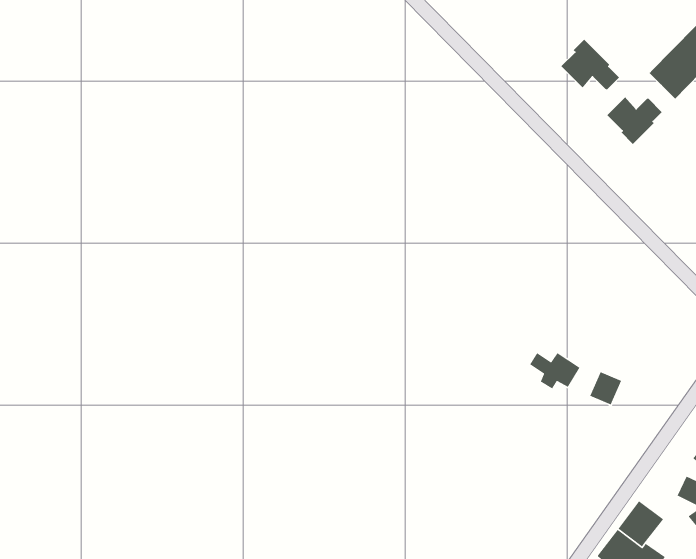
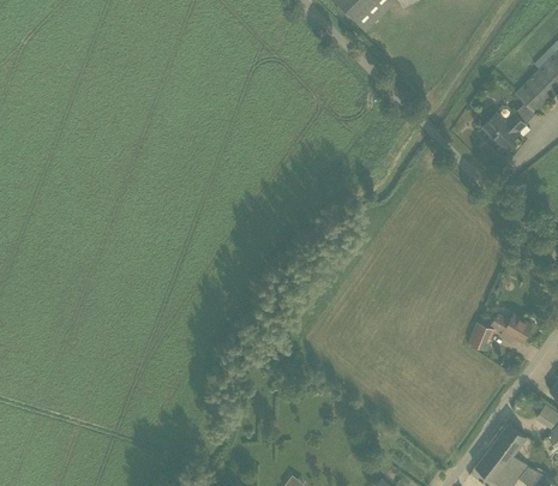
building: [561,39,620,90] -> none
building: [529,352,581,390] -> [492,312,532,341]

